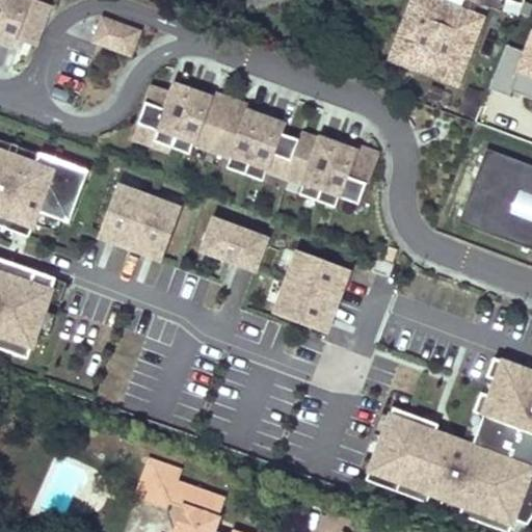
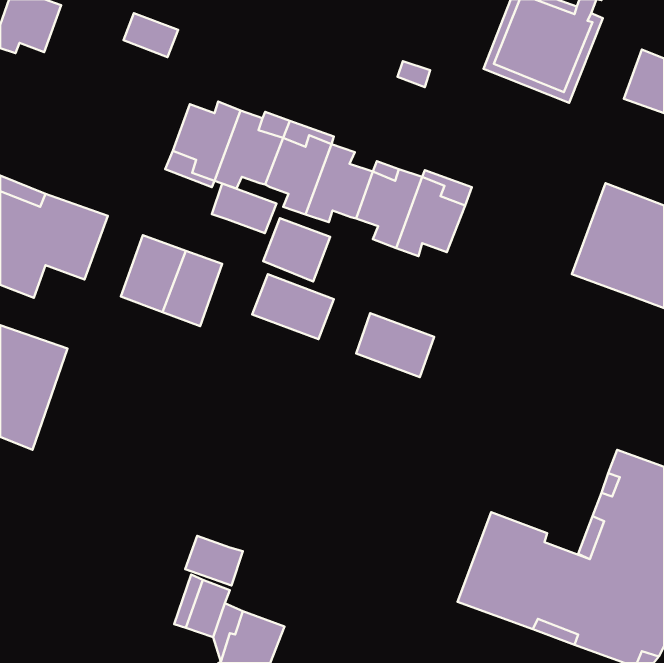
building: none -> [212,183,276,233]
building: none -> [263,218,330,282]
building: [272,283,336,332] -> none
building: none -> [185,536,243,586]

